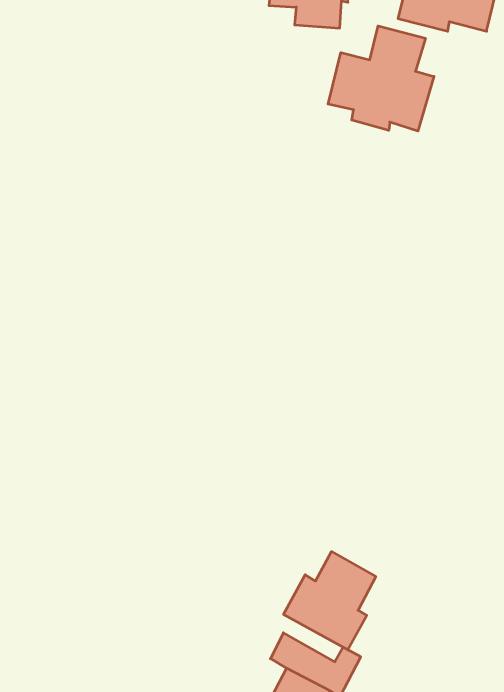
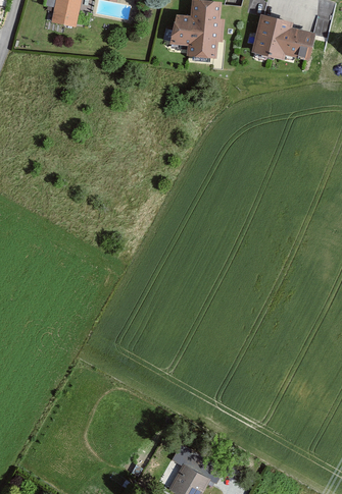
building: [328,26,434,131] -> none
building: [284,552,376,650] -> none

